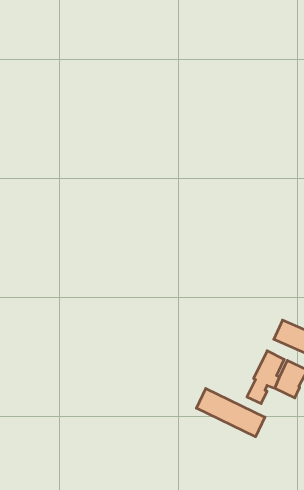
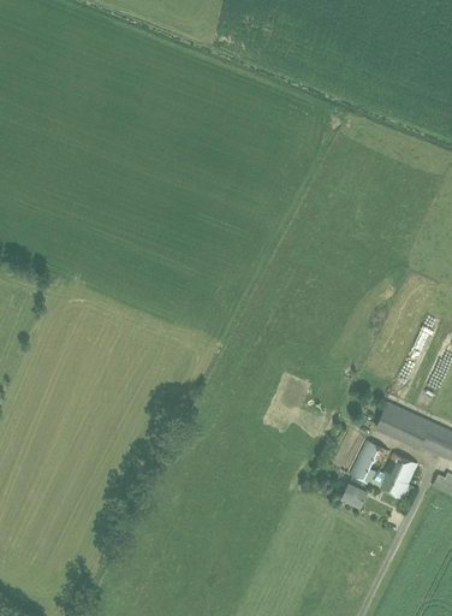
building: [196,388,265,437] -> none

